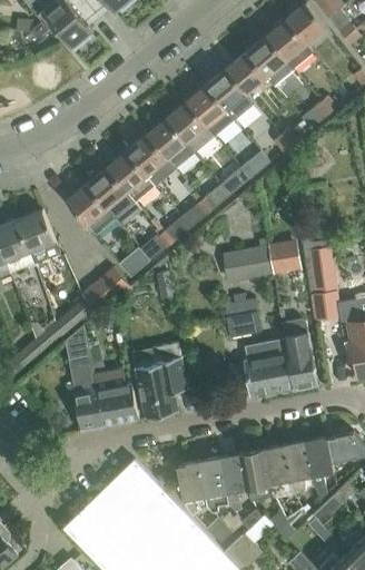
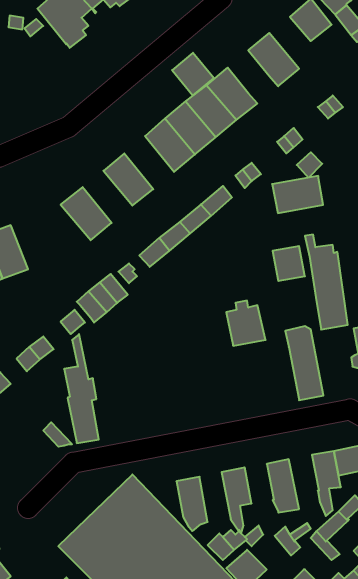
building: [265,20,313,70] -> none
building: [225,52,265,94] -> [172,53,214,96]
building: [126,135,174,186] -> none
building: [86,168,134,218] -> none
building: [17,209,59,264] -> none
building: [221,246,270,282] -> [272,176,323,213]
building: [241,337,294,397] -> none
building: [132,343,186,417] -> none
building: [95,382,137,426] -> none
building: [284,441,313,493] -> none
building: [241,450,274,500] -> none
building: [198,458,228,512] -> none

